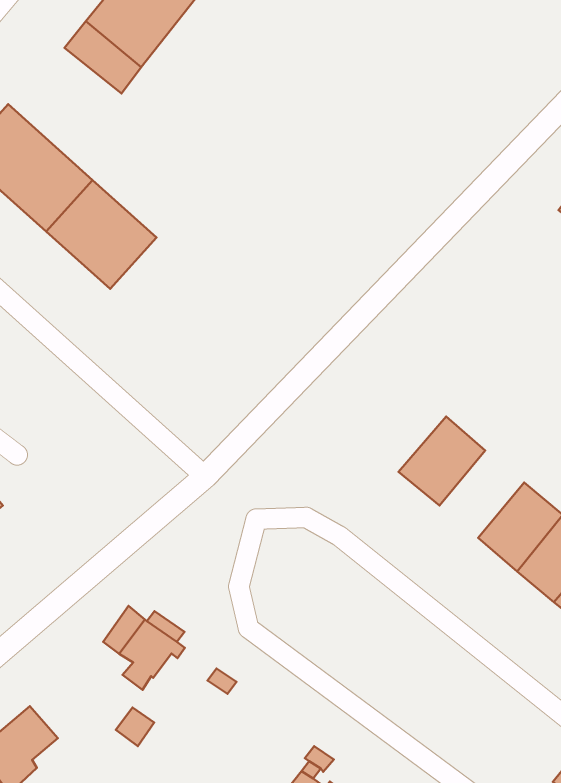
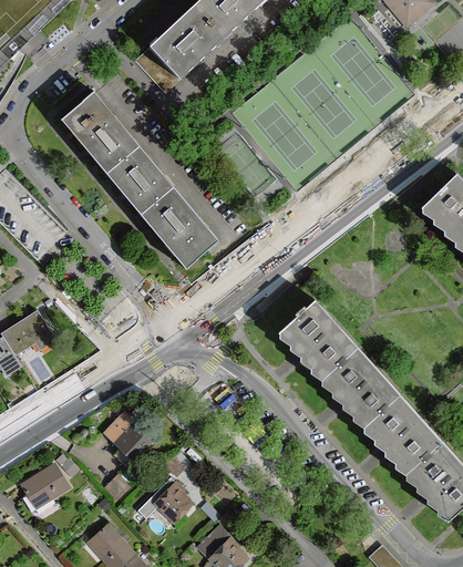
building: none -> [140,187,218,269]
building: none -> [281,300,336,353]
building: none -> [323,348,378,401]
building: none -> [156,486,191,520]

